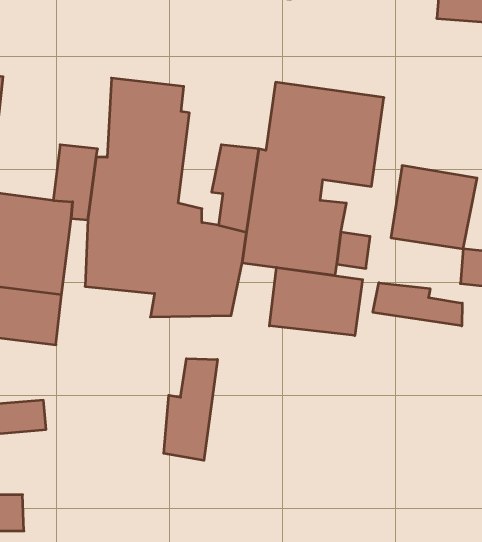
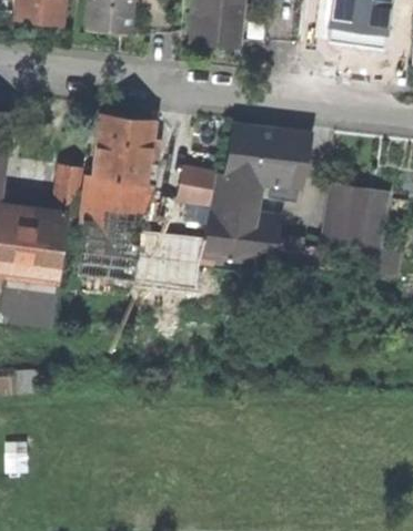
building: [269,267,363,336] -> none
building: [373,283,462,326] -> none
building: [164,359,217,460] -> none

